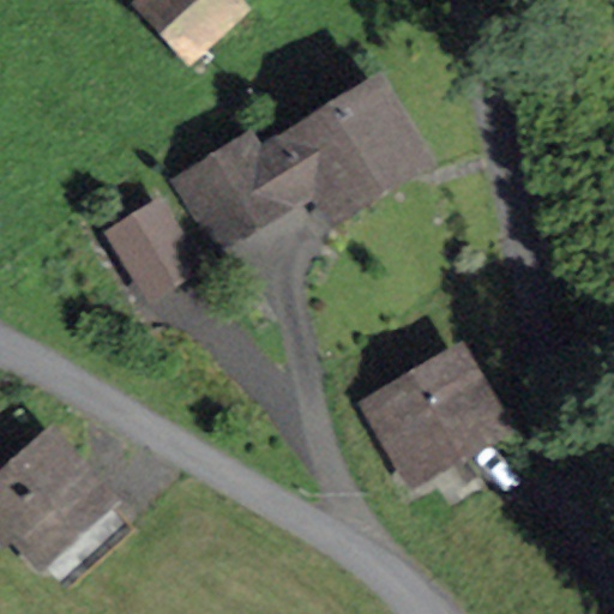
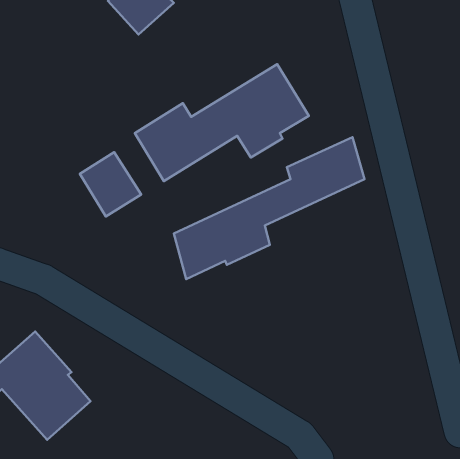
building: none -> [174,137,365,279]
building: [363,350,489,469] -> none

